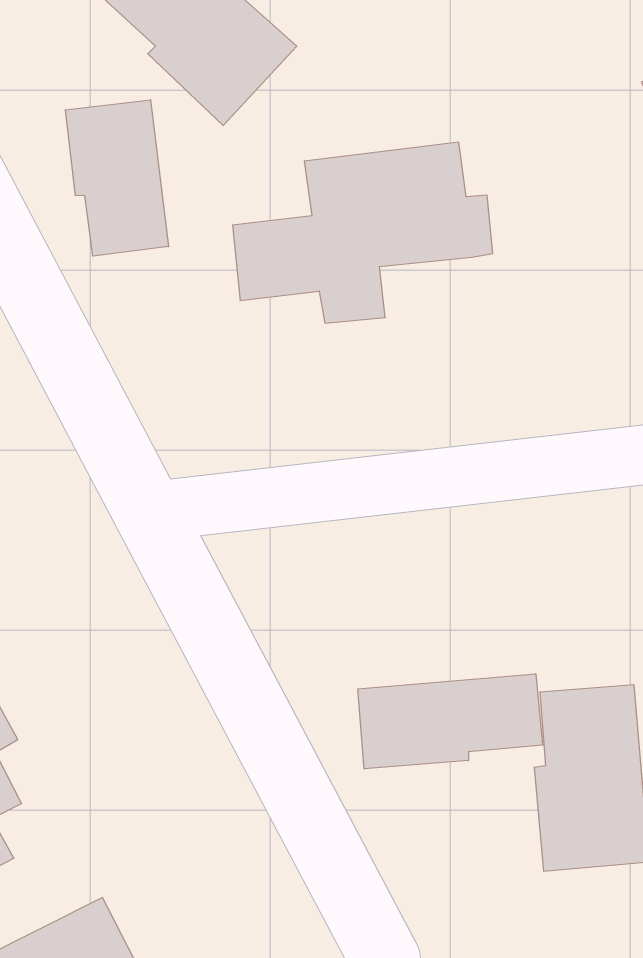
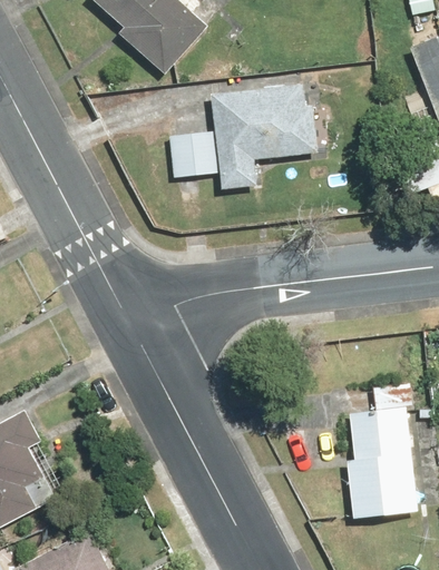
building: [66,100,169,256] -> none
building: [358,674,542,769] -> none

